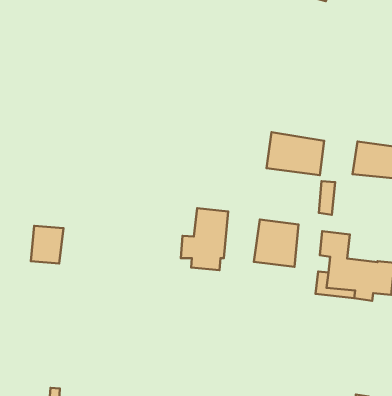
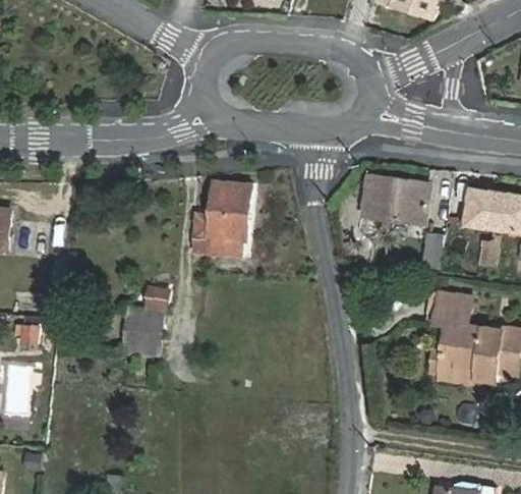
building: [181,208,228,270] -> [195,181,251,255]
building: [254,219,298,267] -> none
building: [31,226,63,264] -> [124,309,163,353]

